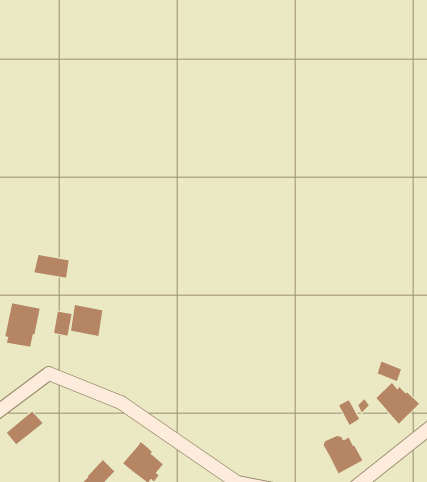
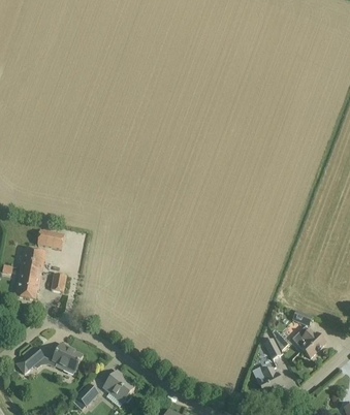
building: [70,305,103,336] -> [20,248,44,272]
building: none -> [52,344,82,374]

